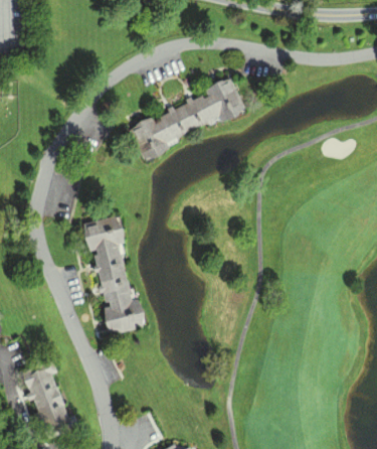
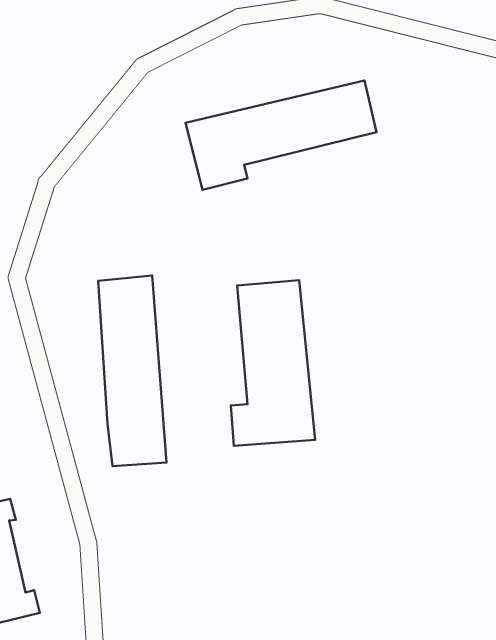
building: none -> [231,280,315,446]

